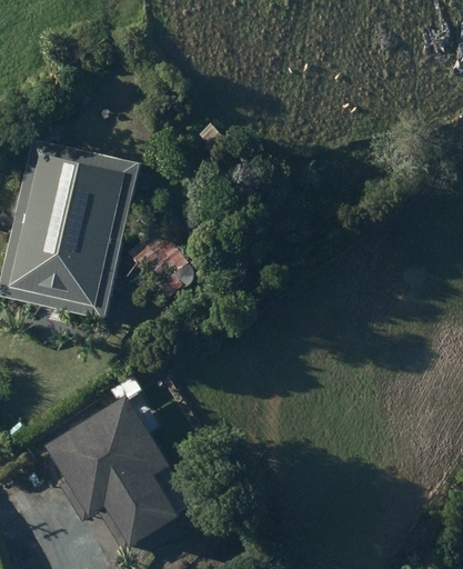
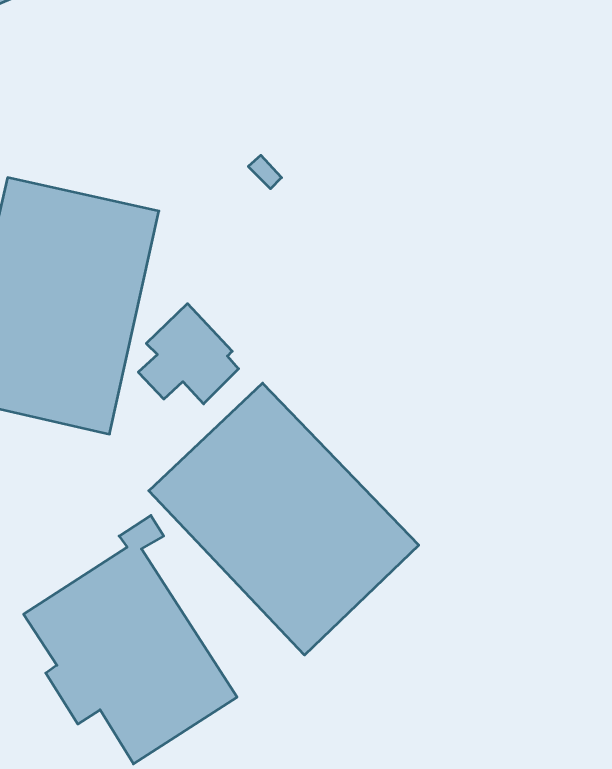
building: none -> [149,383,419,655]

